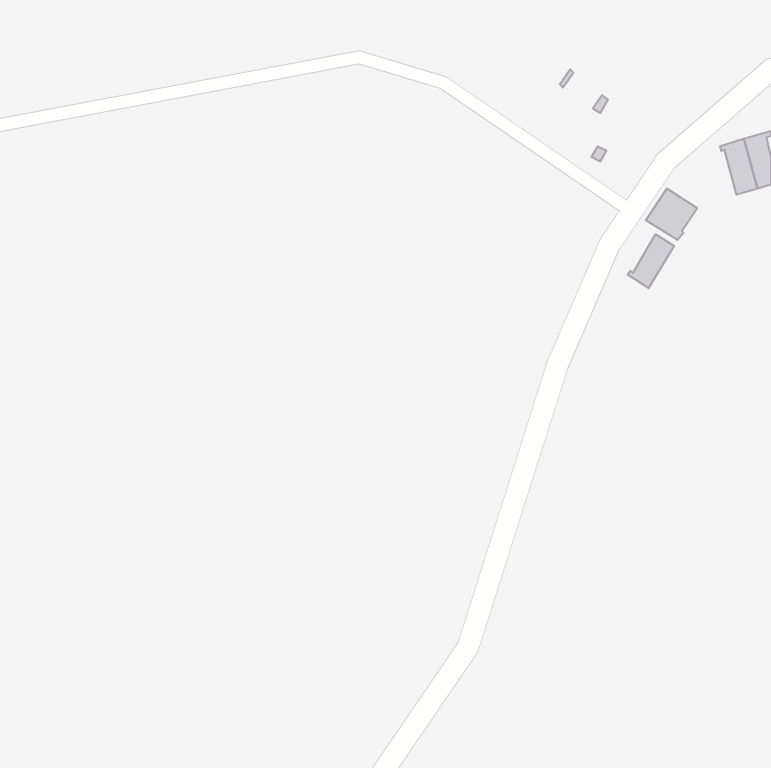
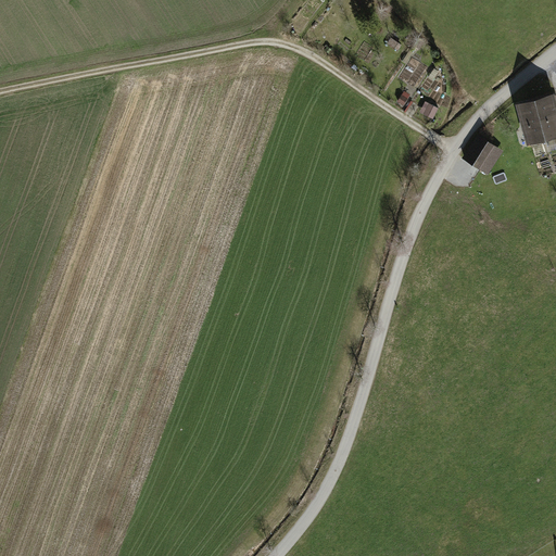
building: [628,234,674,288] -> none

